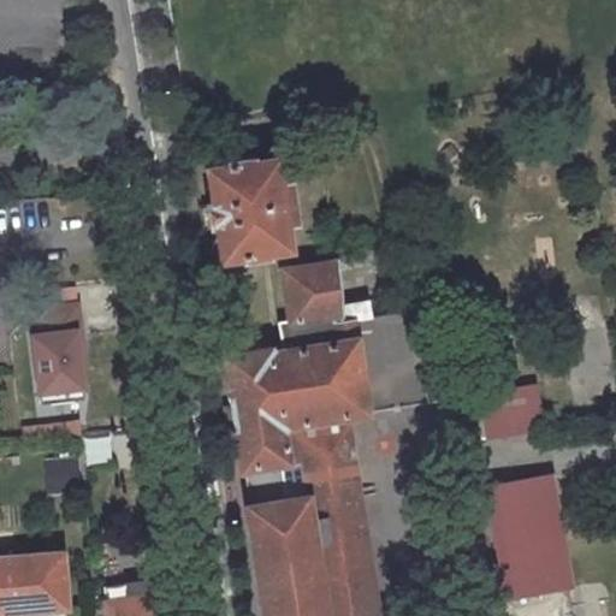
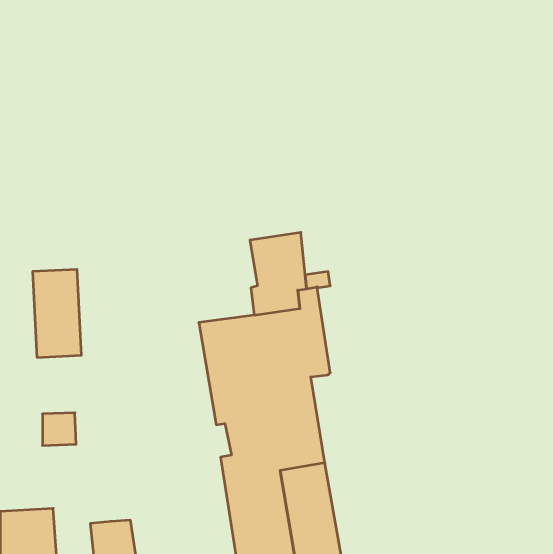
building: [200,161,296,262] -> none
building: [478,386,541,439] -> none
building: [492,478,570,599] -> none

